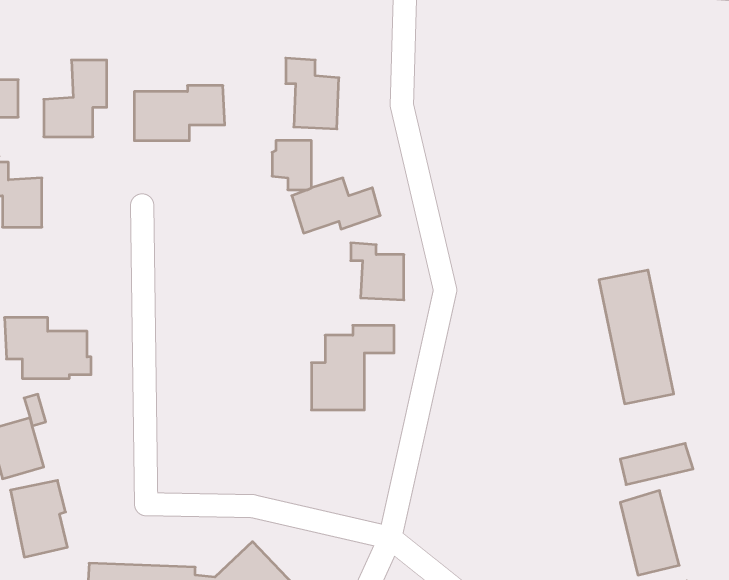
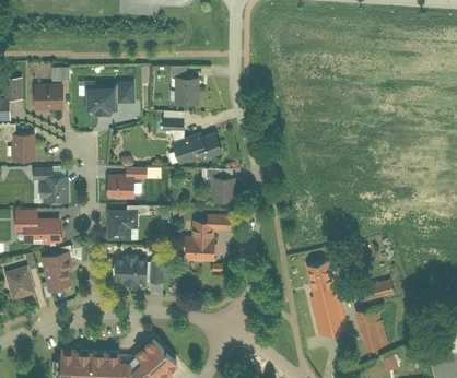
building: none -> [32,167,67,203]
building: none -> [106,168,148,199]
building: [599,270,674,404] -> [304,262,345,336]
building: none -> [106,206,147,240]
building: none -> [113,258,162,285]
building: [10,480,67,557] -> [39,249,71,292]

